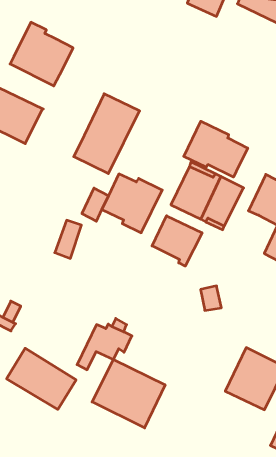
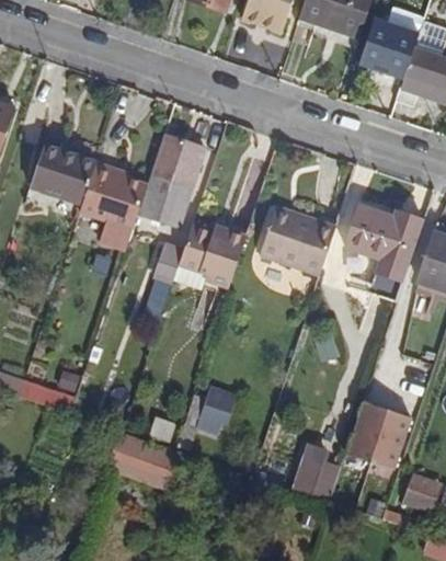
building: [10,22,73,86] -> [79,160,148,229]
building: [184,121,248,177] -> none
building: [152,216,202,266] -> none
building: [92,360,165,428] -> none
building: none -> [296,457,339,500]

